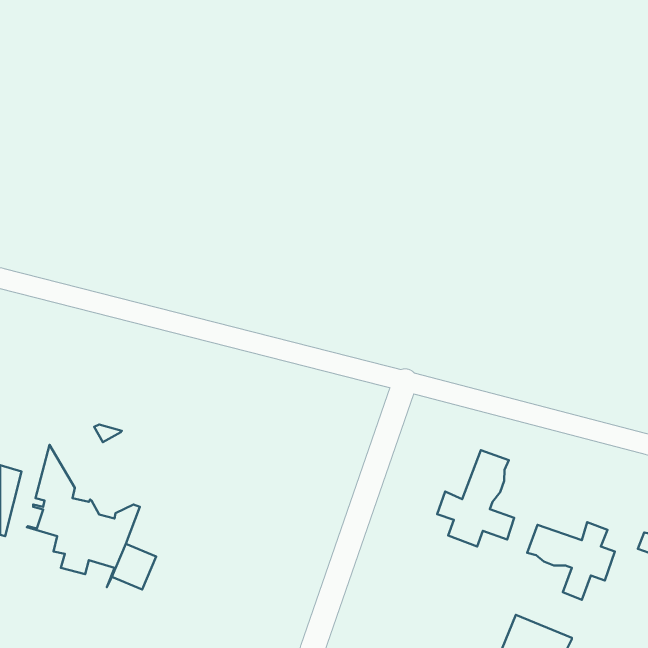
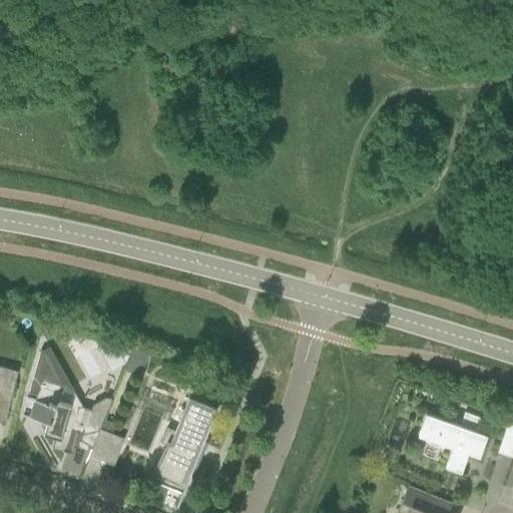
building: [437,450,514,546] -> none
building: none -> [154,398,216,494]

